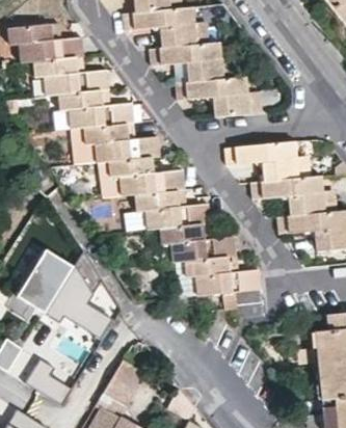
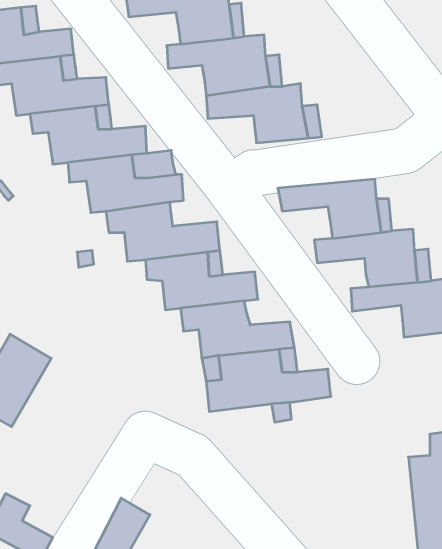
building: [45,248,112,336] -> none

